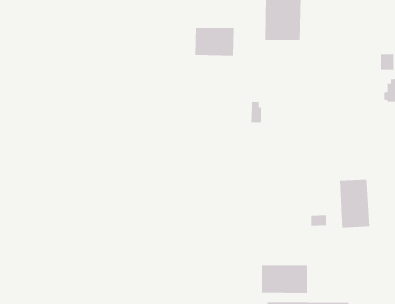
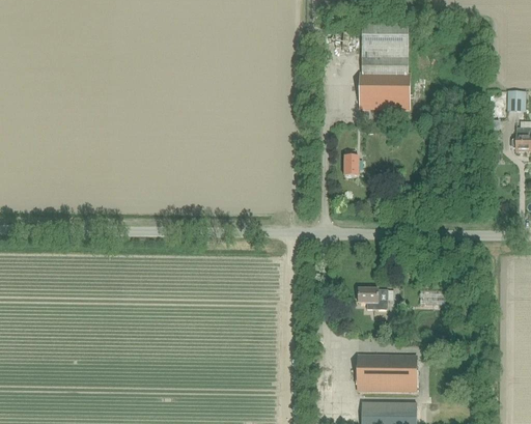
building: [194,27,235,56] -> [359,73,410,109]
building: [340,179,370,228] -> none
building: none -> [358,289,387,307]

